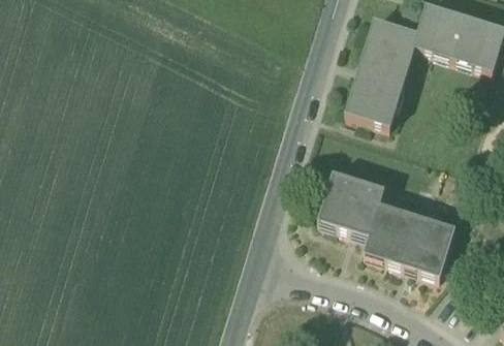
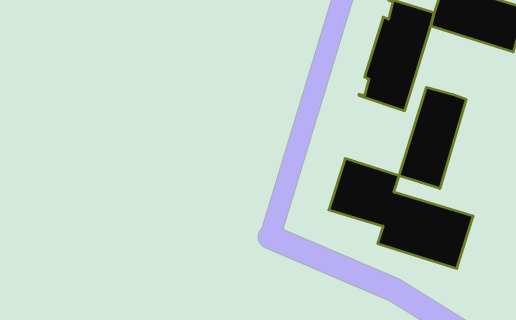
building: none -> [399,87,466,189]

